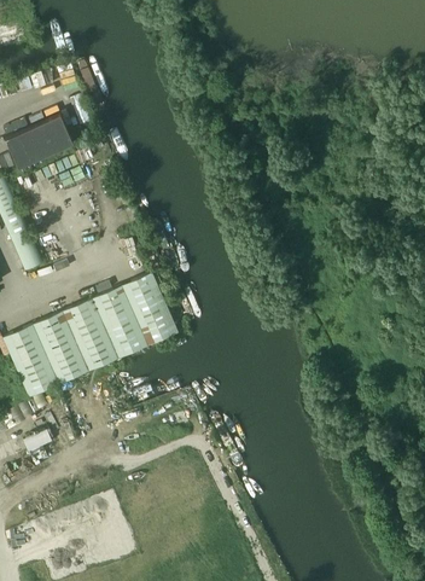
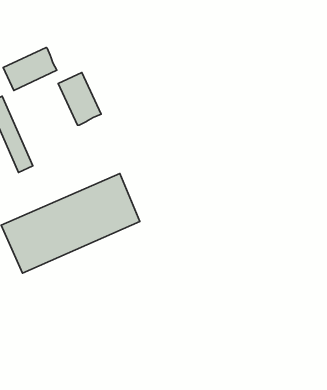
building: none -> [58,72,101,125]

